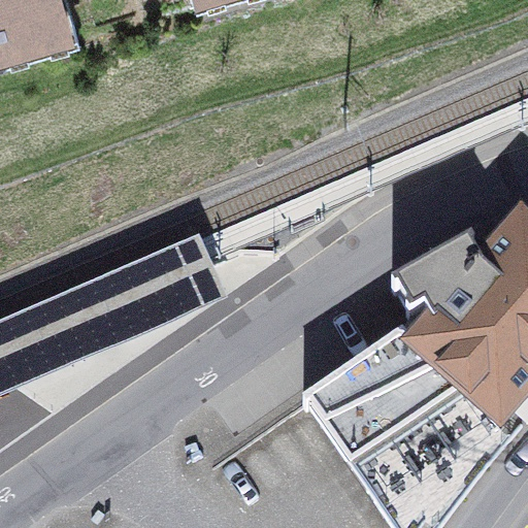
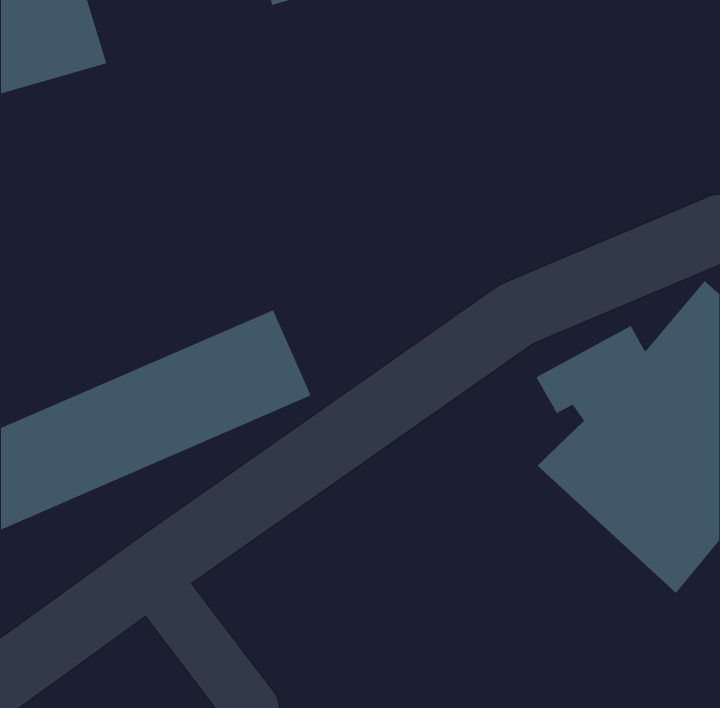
building: [297,330,495,515] -> none

